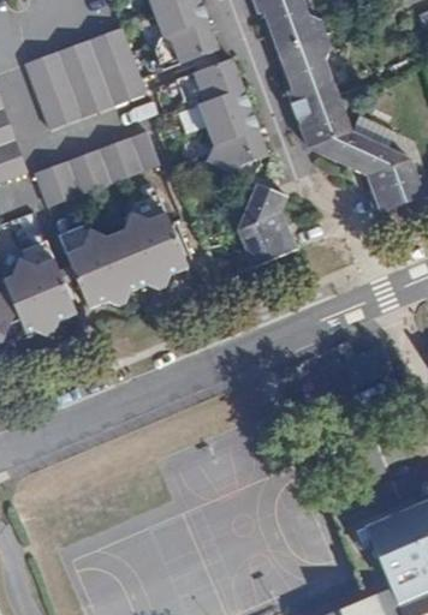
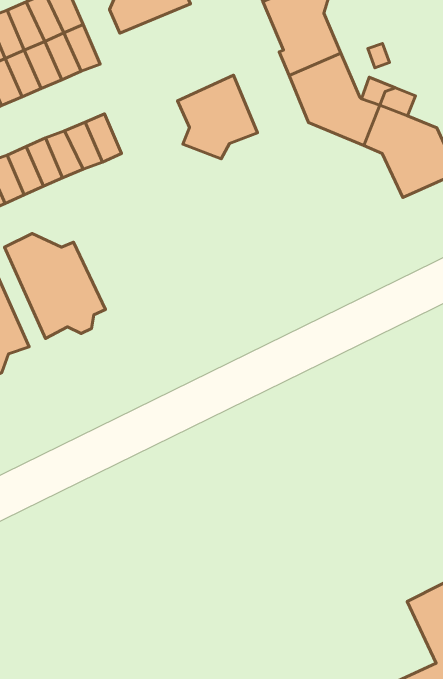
building: [176,59,250,125] -> none
building: [239,183,295,263] -> none
building: [115,195,188,289] -> none

